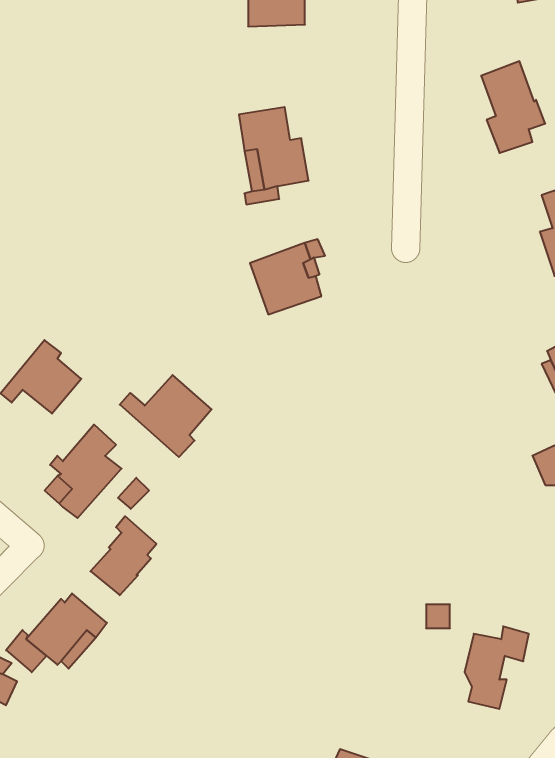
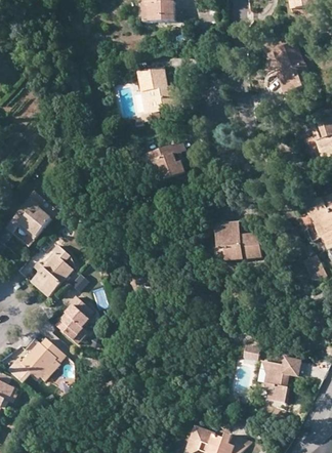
building: [120,375,212,457] -> none
building: none -> [214,222,260,264]

